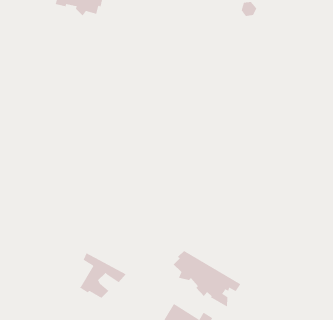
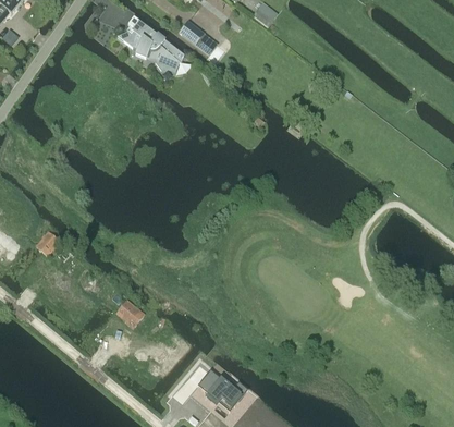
building: [173,250,241,308] -> none

